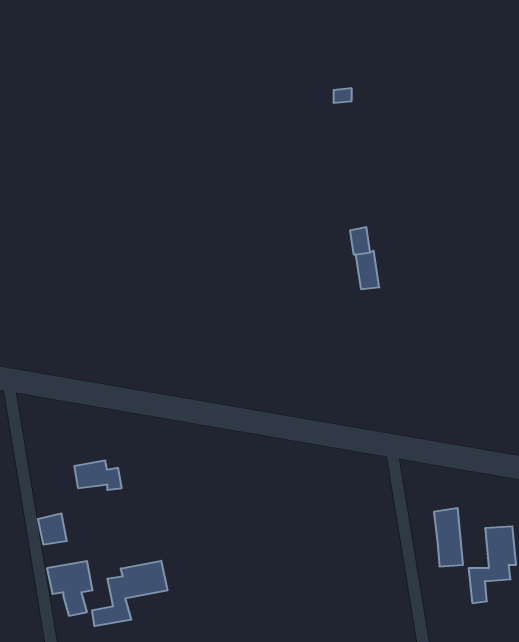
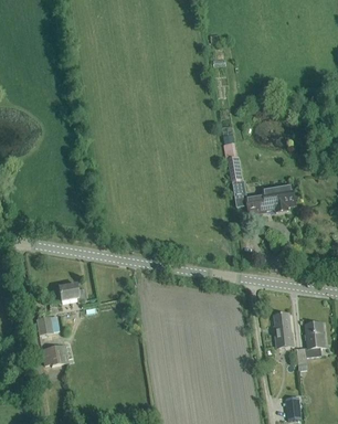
building: none -> [232,181,296,213]
building: [92,561,167,626] -> none

